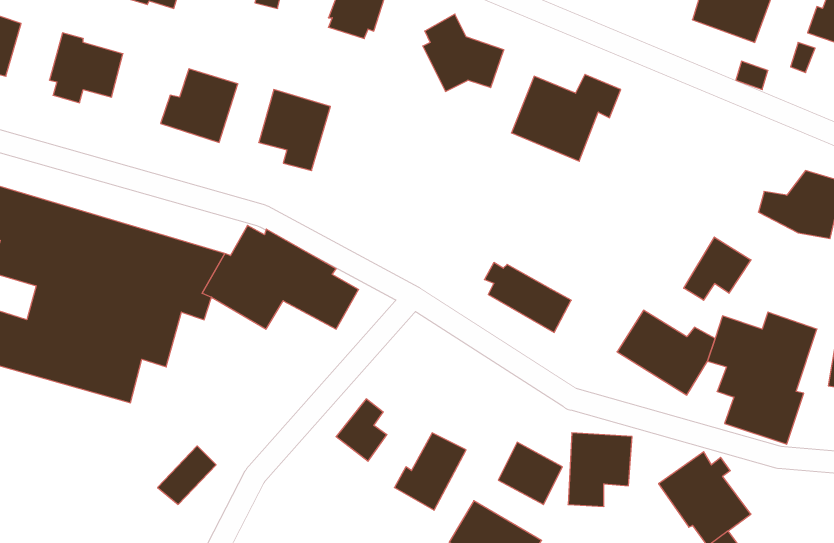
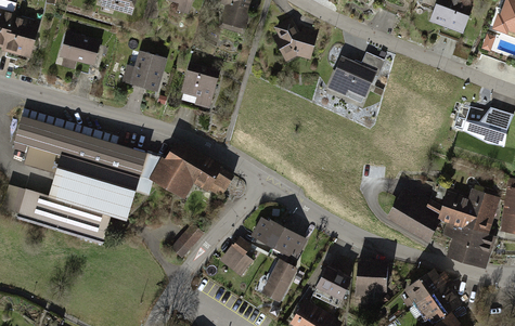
building: [684,237,751,300] -> none
building: [484,263,571,332] -> [256,219,306,259]
building: [158,446,216,504] -> [170,225,204,259]

